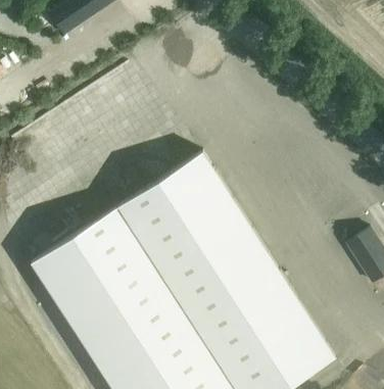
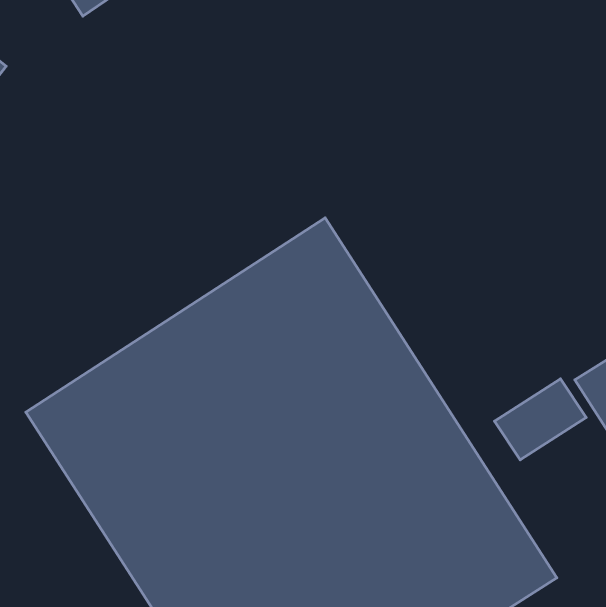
building: none -> [494,379,586,460]

